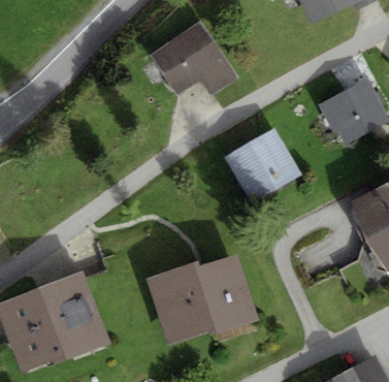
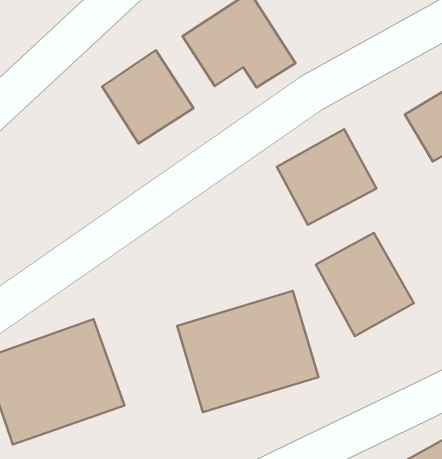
building: none -> [102,50,194,143]
building: none -> [316,233,414,336]

